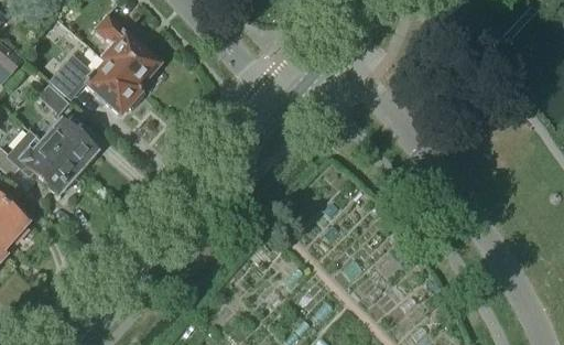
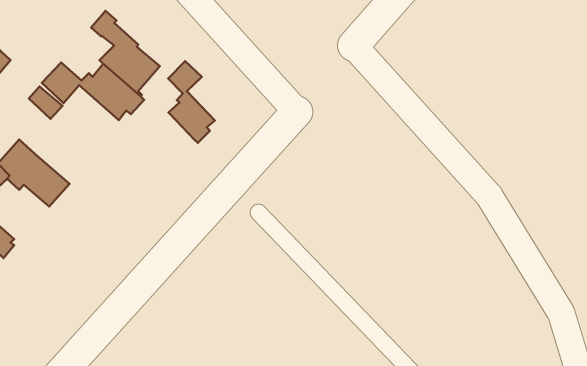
building: none -> [168,61,215,143]
building: [44,117,96,171] -> none

